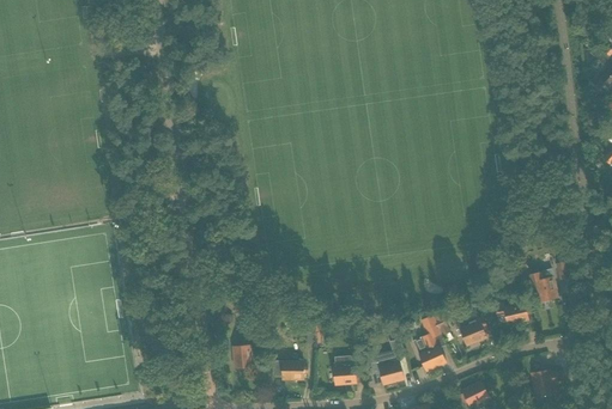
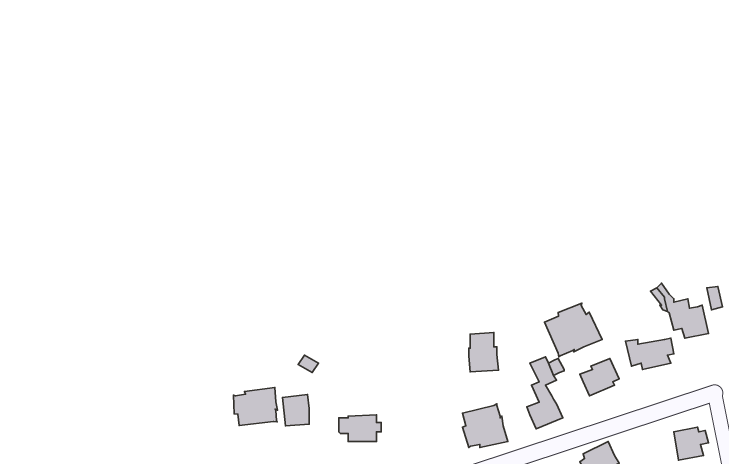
building: none -> [545,303,602,357]
building: none -> [233,388,277,425]
building: [334,355,357,385] -> [469,333,498,372]

